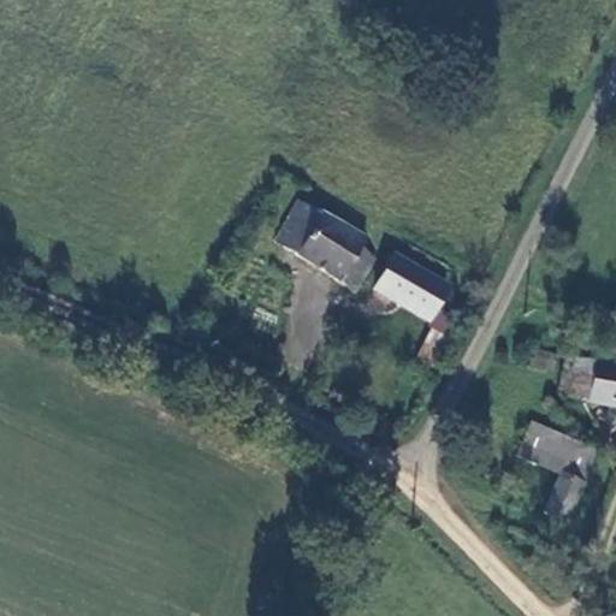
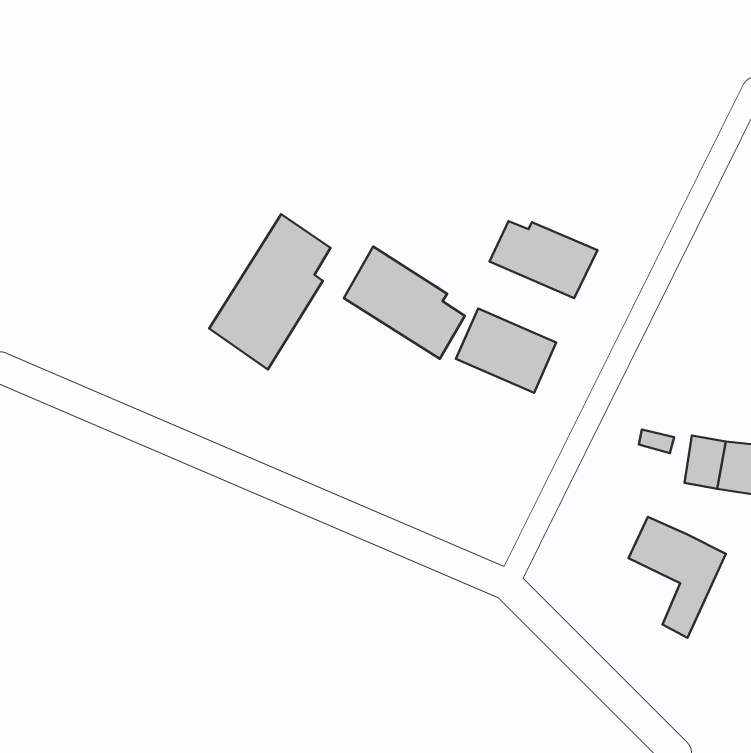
building: none -> [209,214,331,369]
building: none -> [490,221,597,298]

